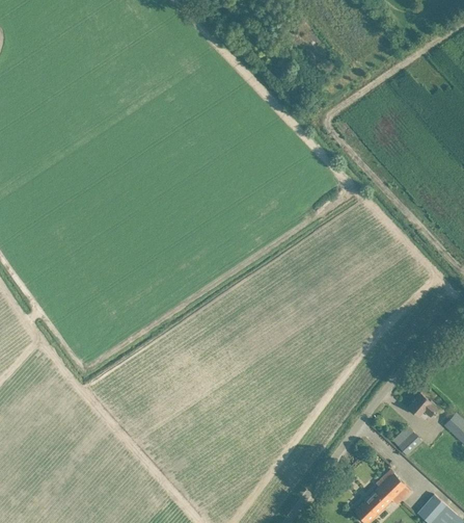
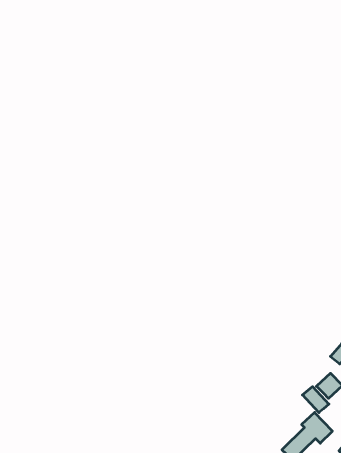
building: none -> [302,387,329,413]

